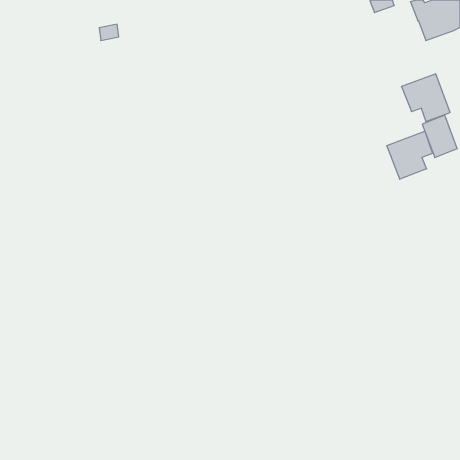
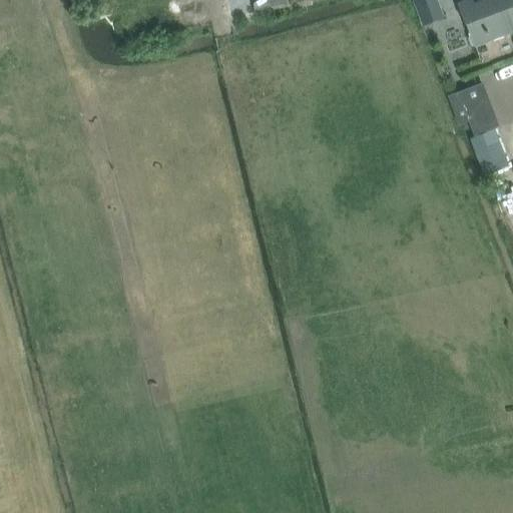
building: [387,131,433,179] -> none

